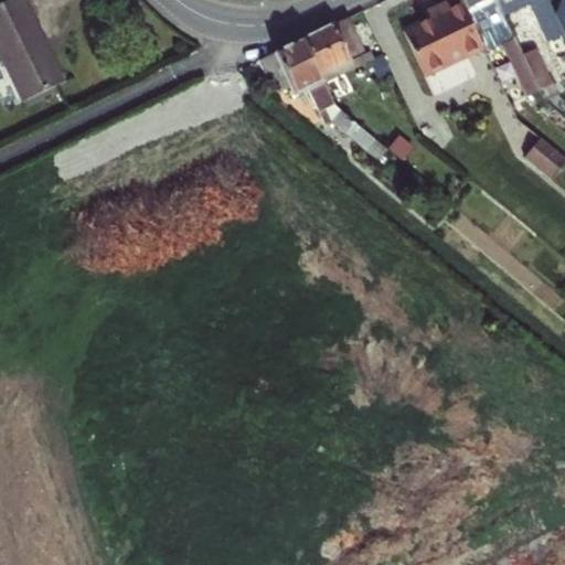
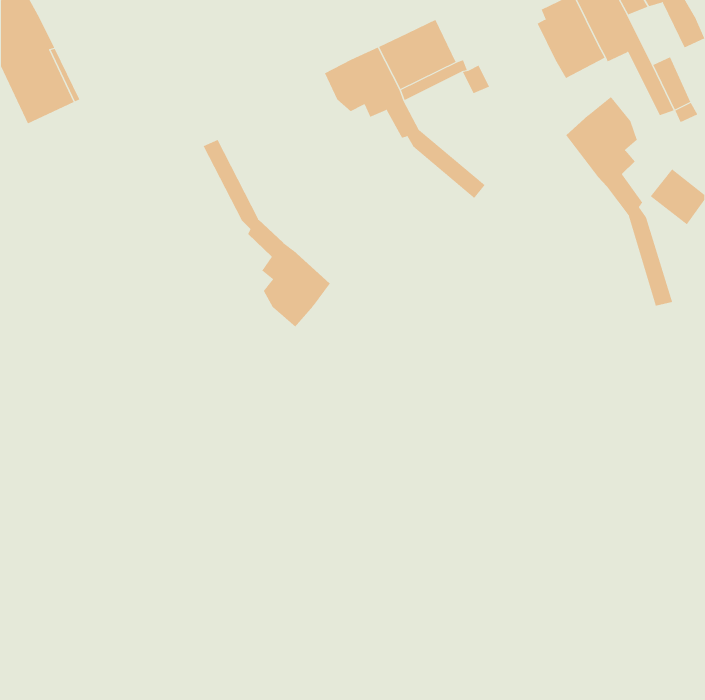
building: [405,19,452,77] -> none
building: none -> [566,96,673,307]
building: none -> [203,139,330,328]

